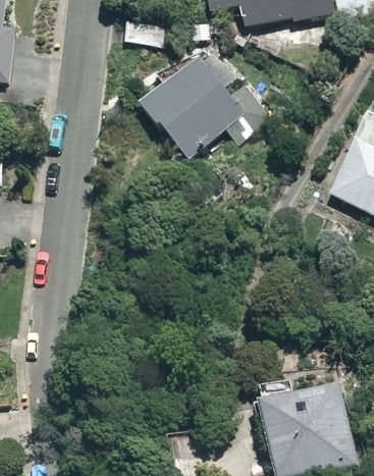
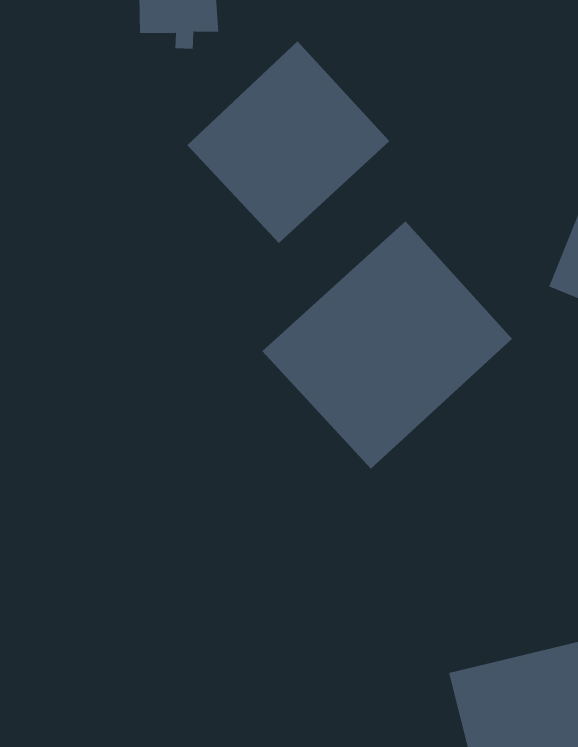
building: none -> [261,221,513,470]

